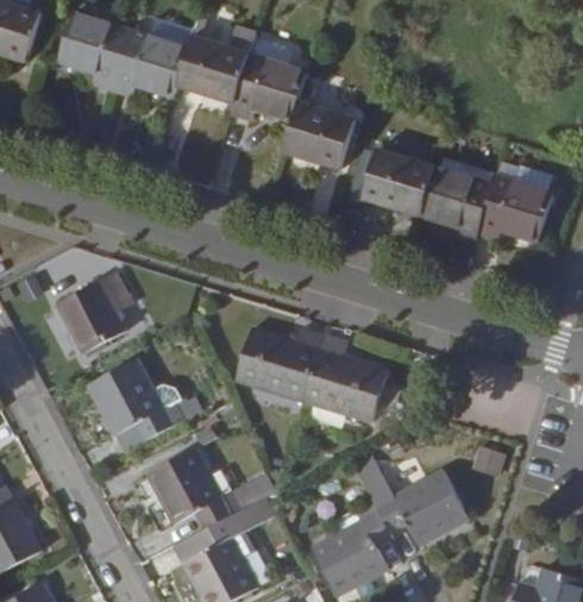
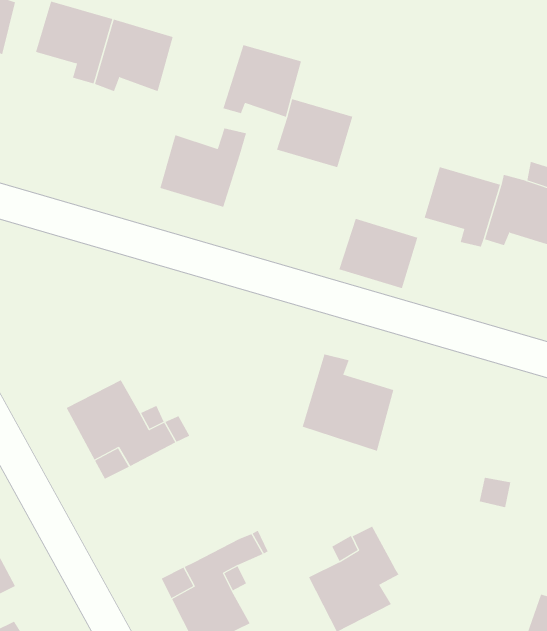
building: [175,27,256,101] -> [160,128,247,208]
building: [358,148,432,213] -> [339,218,418,289]
building: [56,275,133,356] -> none
building: [233,332,325,407] -> none
building: [148,451,246,532] -> none
building: [356,459,469,545] -> none

